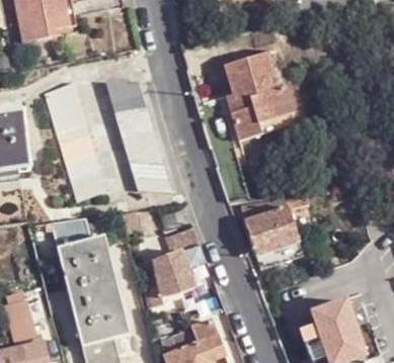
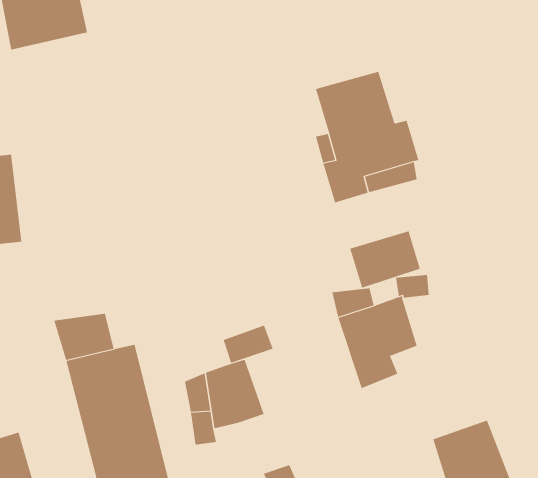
building: [45,81,105,200] -> none
building: [108,82,170,190] -> none
building: none -> [350,231,420,288]

